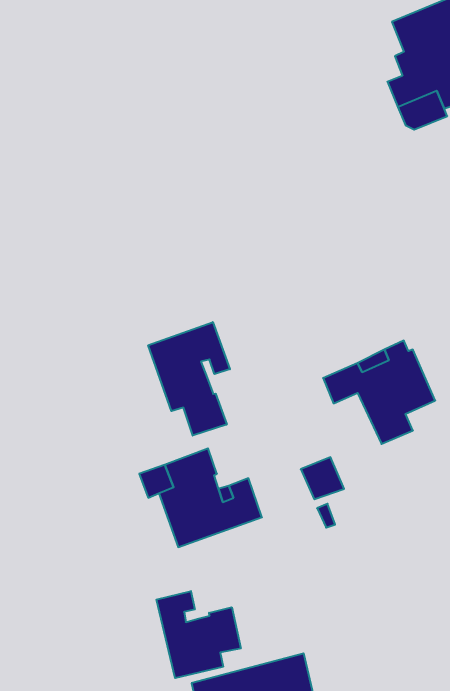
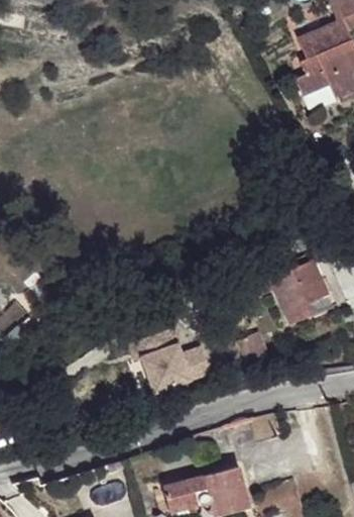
building: [148,322,230,436] -> none
building: [156,591,241,678] -> none

